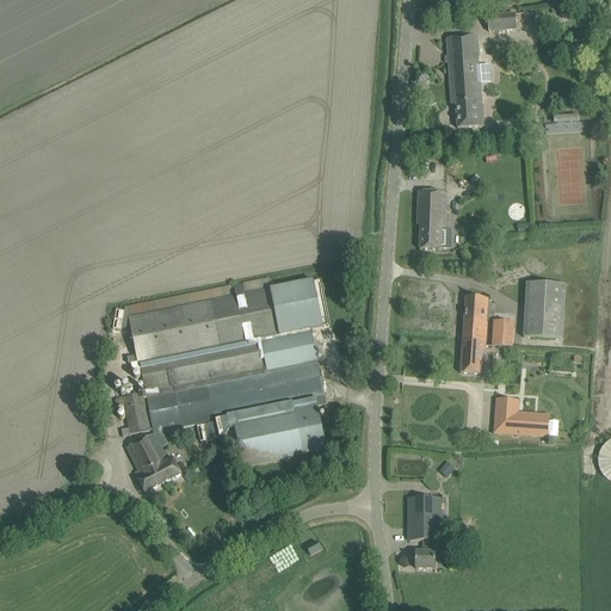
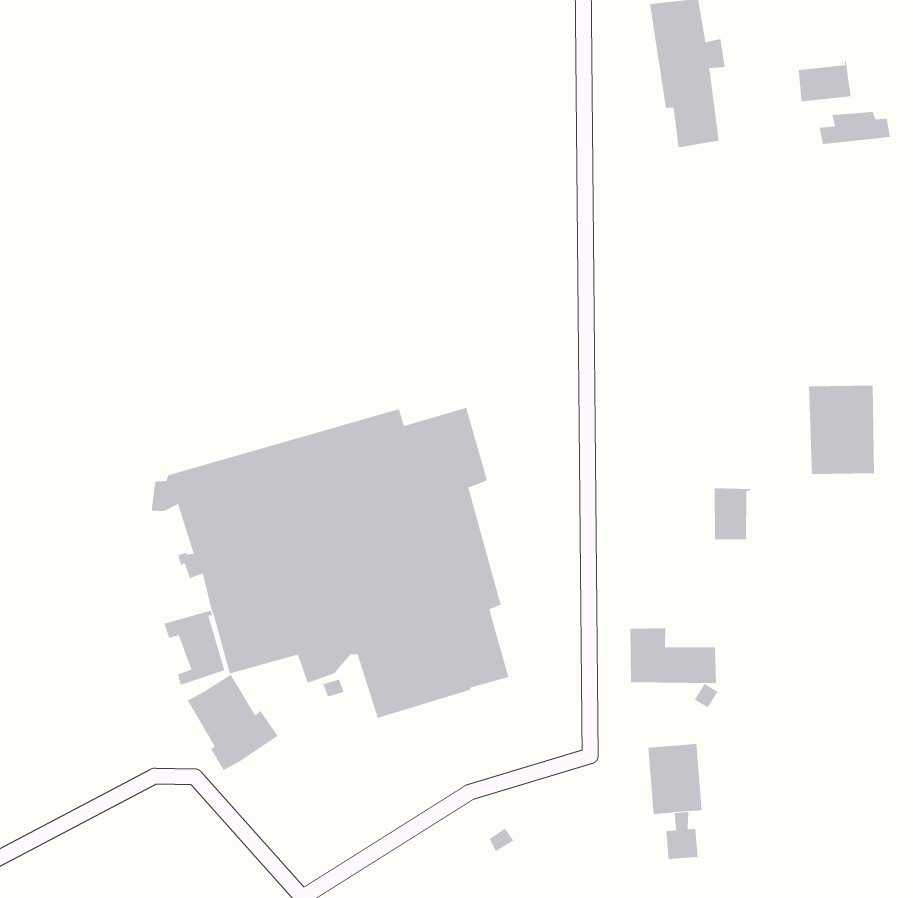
building: none -> [798,61,851,102]
building: [416,190,446,248] -> none
building: [462,295,488,342] -> none
building: [493,317,513,344] -> none
building: [493,397,548,436] -> [630,628,717,683]

